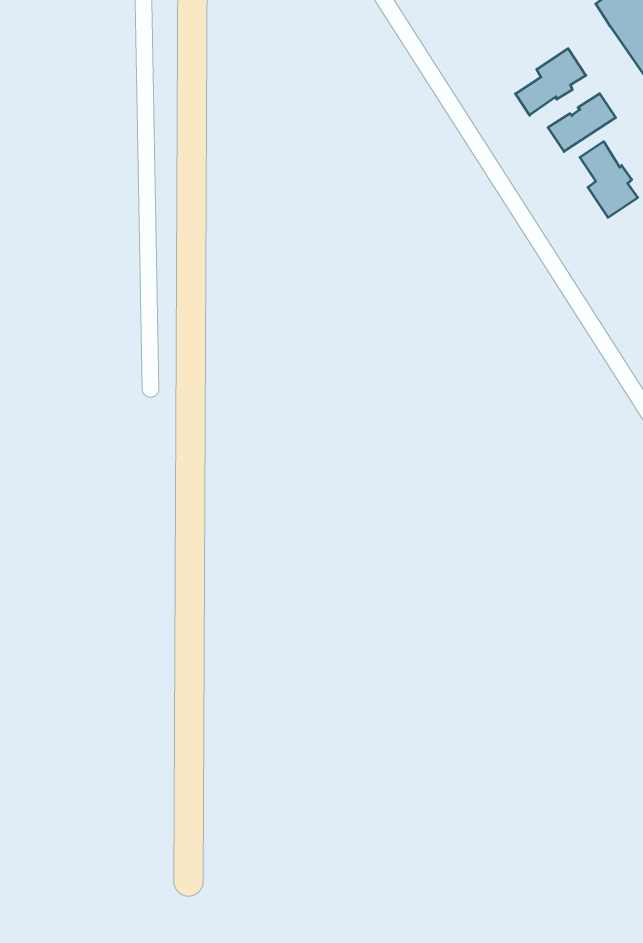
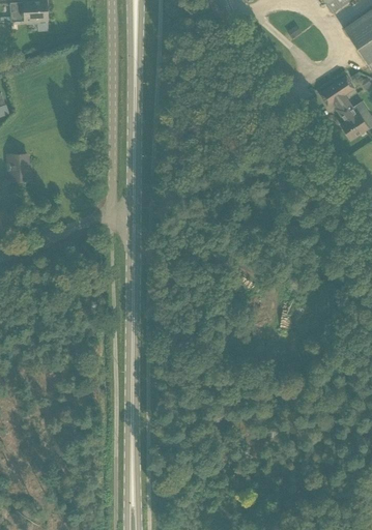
building: [515,49,586,115] -> none

